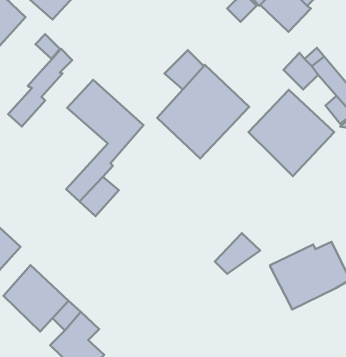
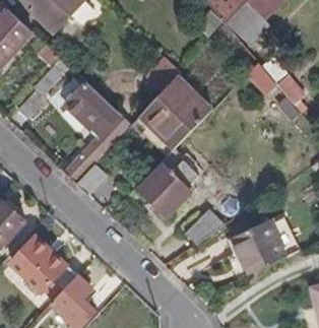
building: [249,90,334,176] -> none
building: none -> [138,152,195,216]

